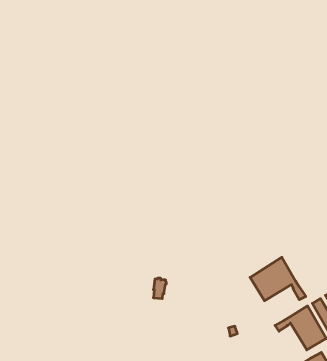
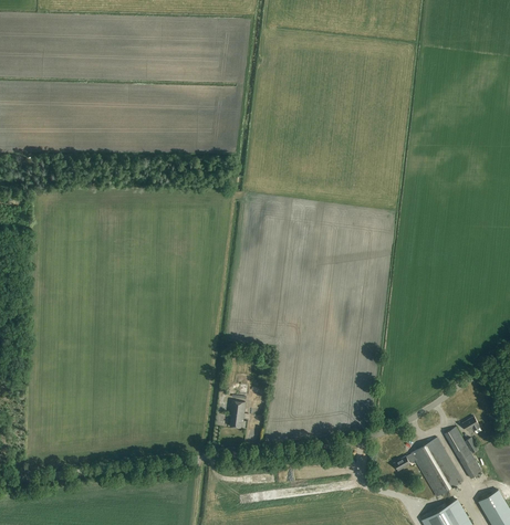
building: [250,257,306,301] -> none

